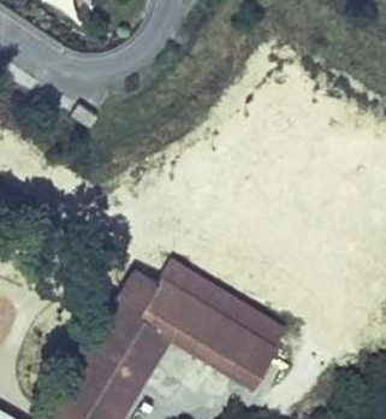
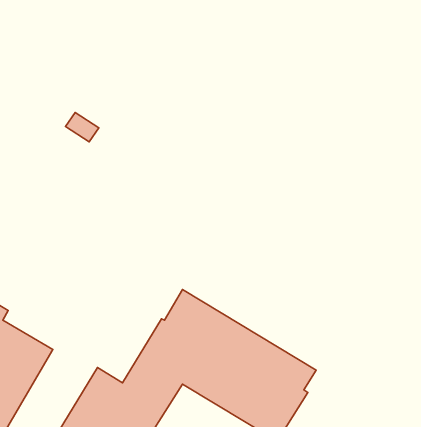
building: [97,271,153,340] -> none

